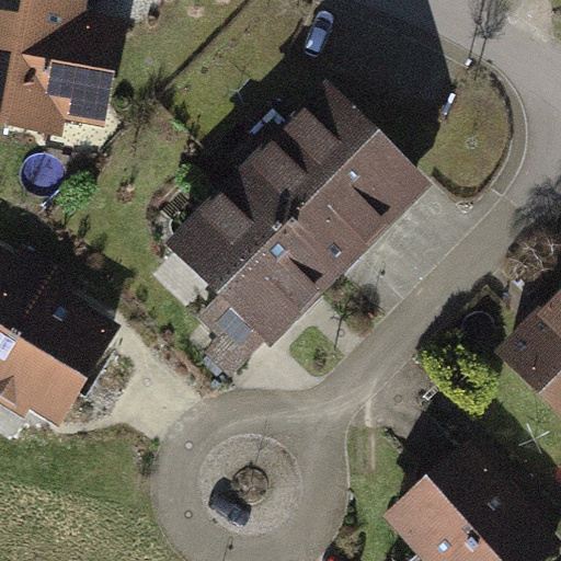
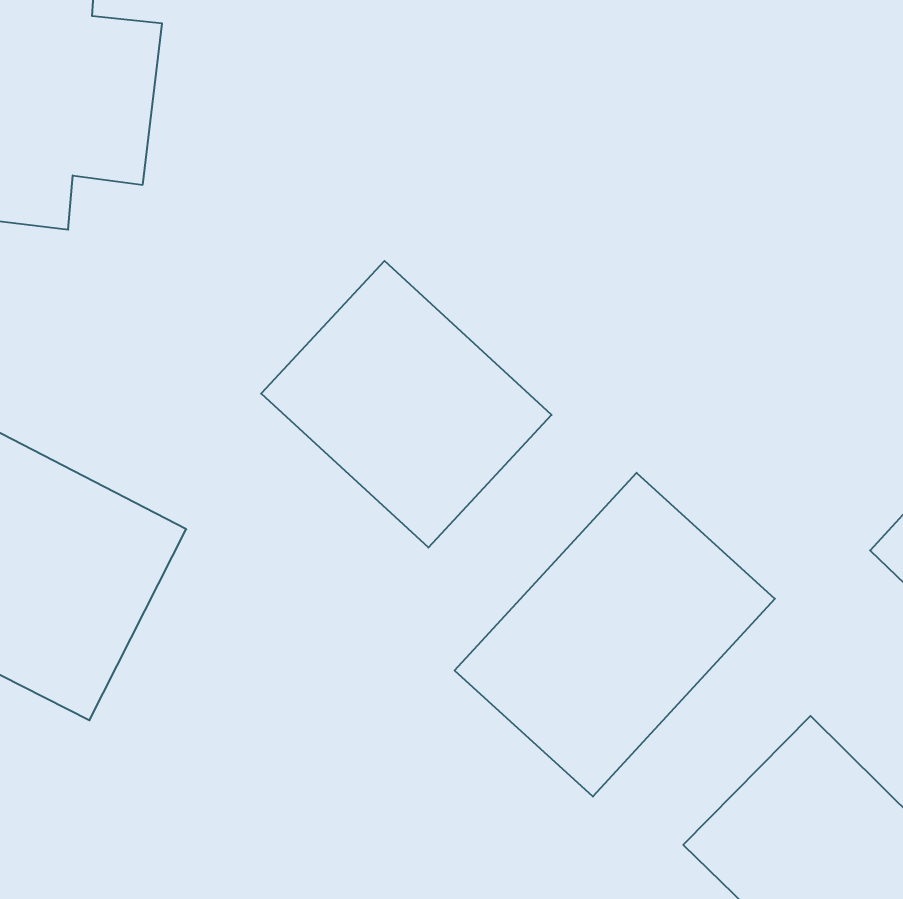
building: [240,92,413,265] -> none
building: none -> [455,473,775,797]

